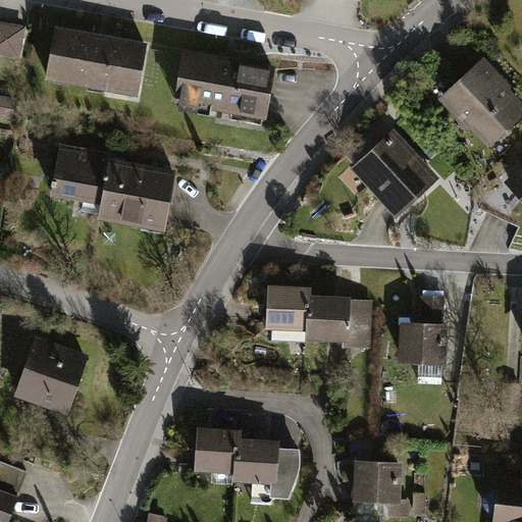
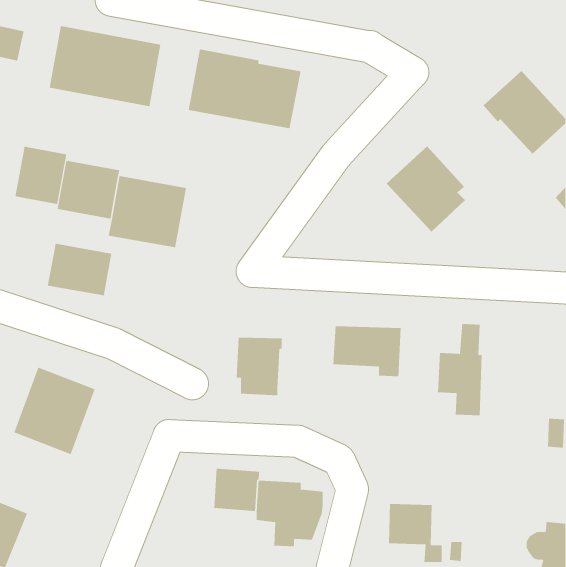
building: none -> [15,146,67,205]
building: none -> [47,243,112,296]
building: [266,289,309,343] -> [236,337,282,396]

